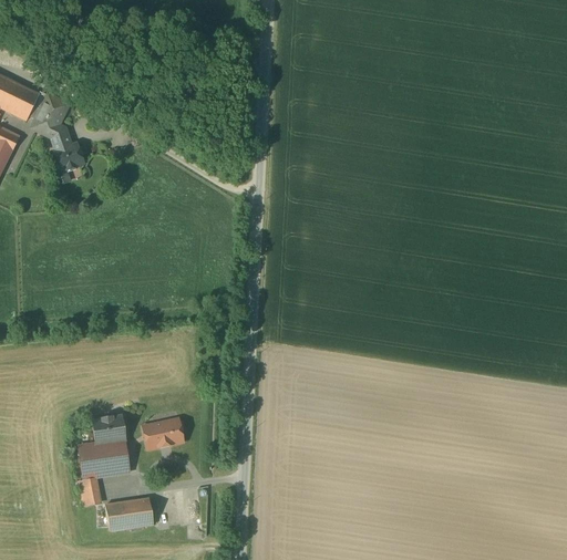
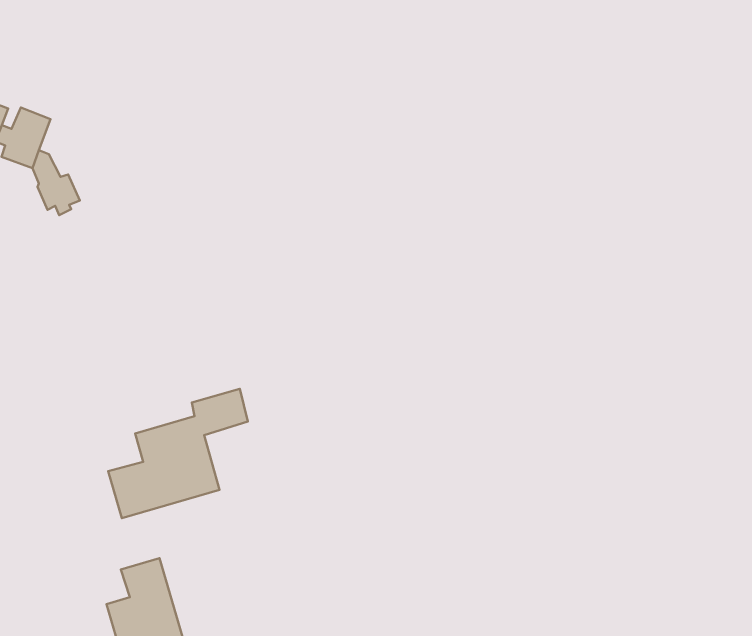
building: none -> [108,389,248,518]
building: [141,416,185,450] -> none

